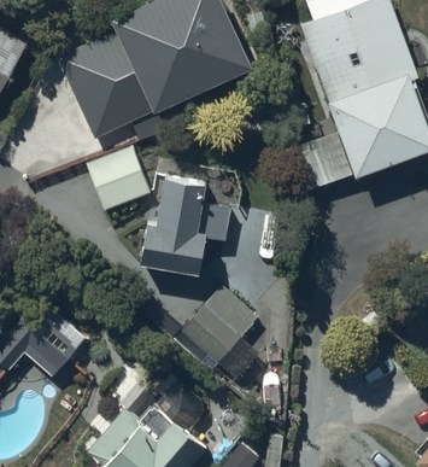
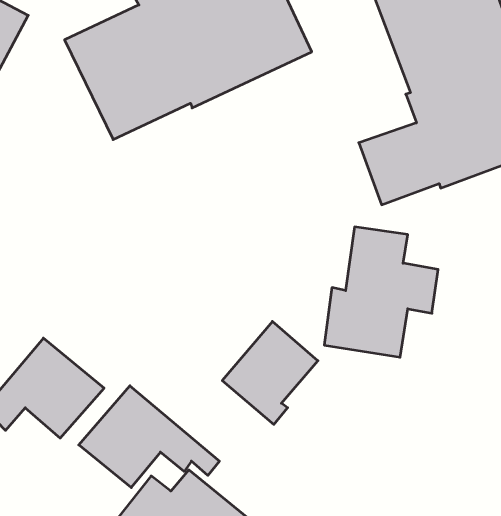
building: [86,145,152,210] -> none
building: [141,174,231,278] -> [324,227,438,357]
building: none -> [79,386,219,488]

